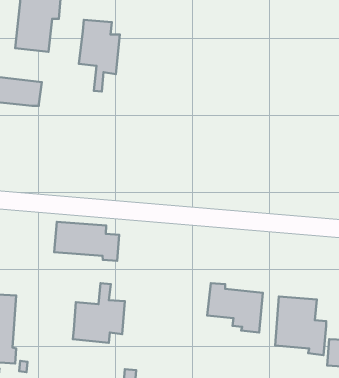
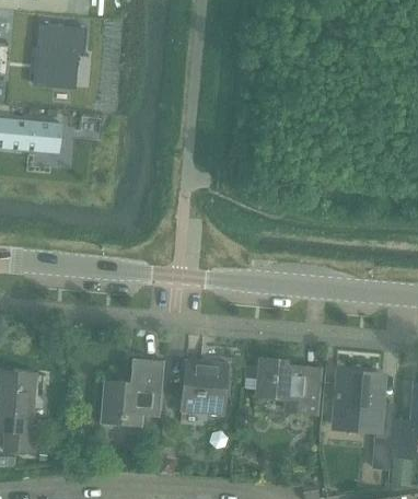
building: [79,20,120,92] -> none
building: [54,222,119,261] -> none
building: none -> [182,359,228,415]

